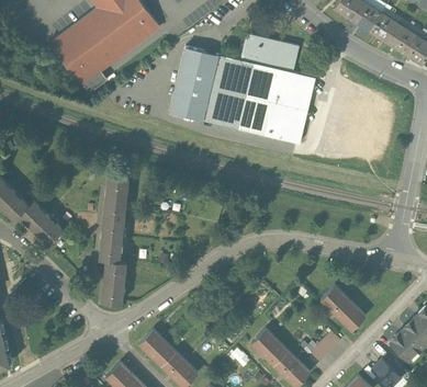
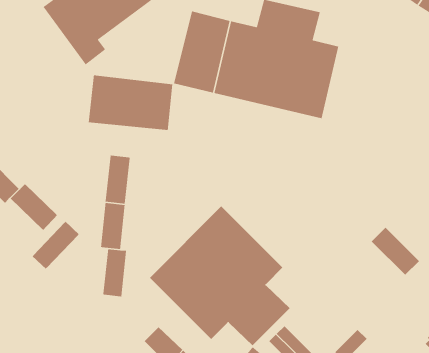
building: none -> [88,75,173,131]
building: none -> [149,205,291,346]
building: none -> [31,220,80,270]
building: [321,285,364,329] -> [371,227,420,276]

